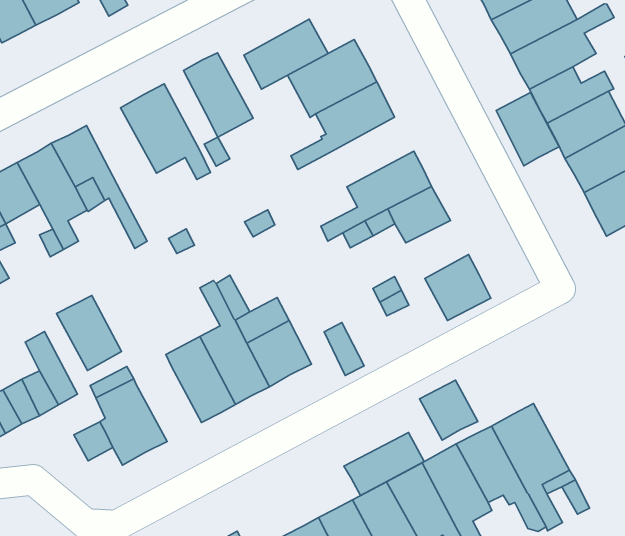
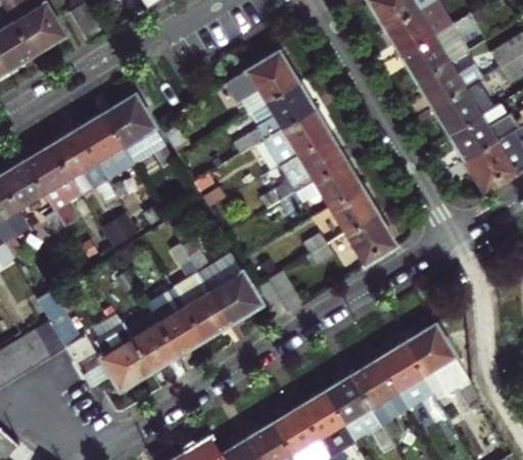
building: [244,19,328,89] -> [265,108,330,165]
building: [183,53,253,137] -> [76,113,132,179]
building: [496,92,559,166] -> none
building: none -> [328,186,377,232]
building: [56,296,122,371] -> [126,312,178,370]
building: [420,380,478,440] -> none
building: [344,432,424,496] -> none

